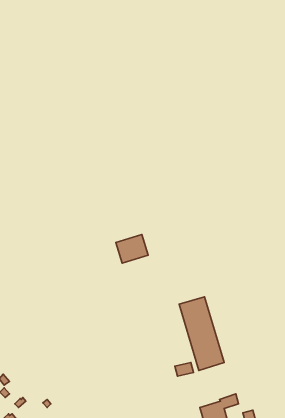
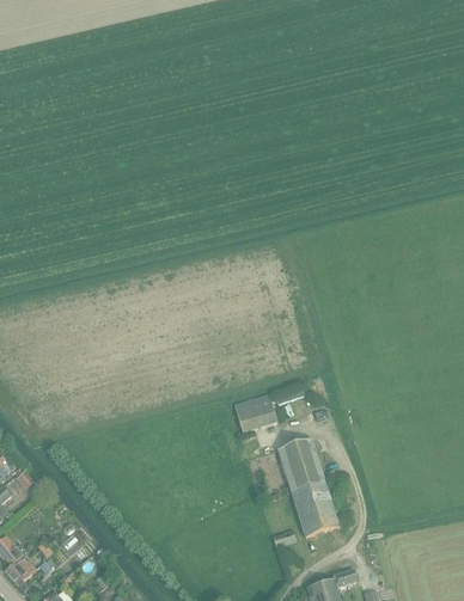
building: [116,235,148,263] -> [233,393,276,431]

